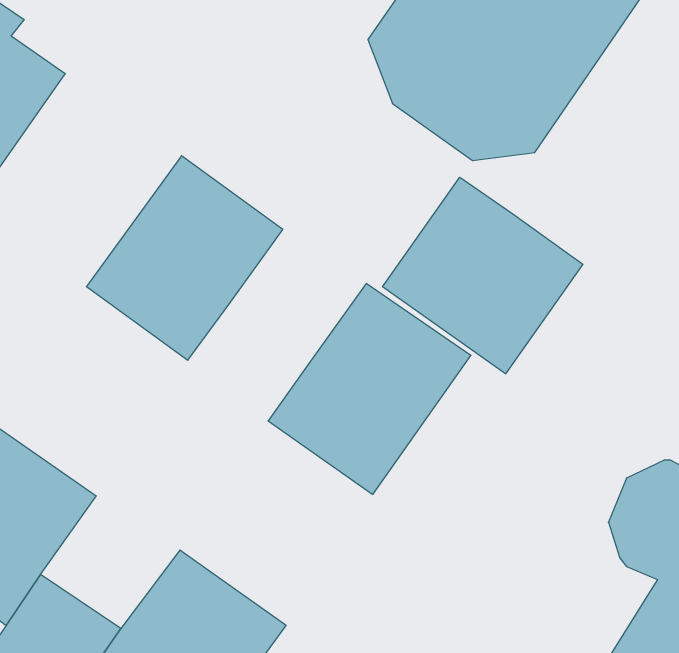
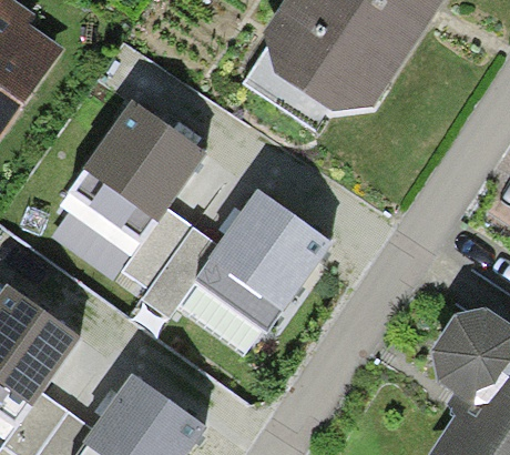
building: [383,177,583,374] -> none
building: none -> [124,208,223,318]

